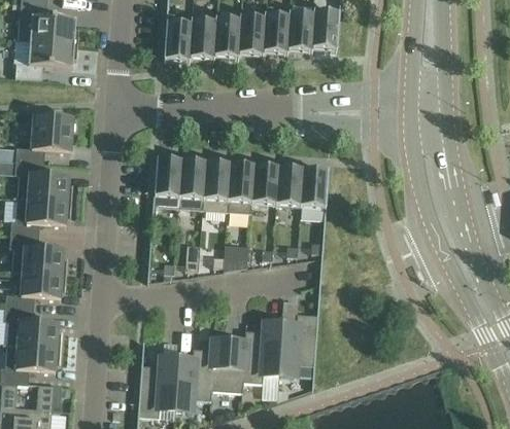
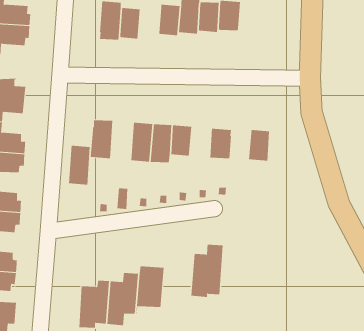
building: [212,16,240,58] -> none
building: [178,158,206,208] -> [68,145,91,185]
building: [276,166,303,205] -> [248,130,270,161]
building: [241,322,281,391] -> none

